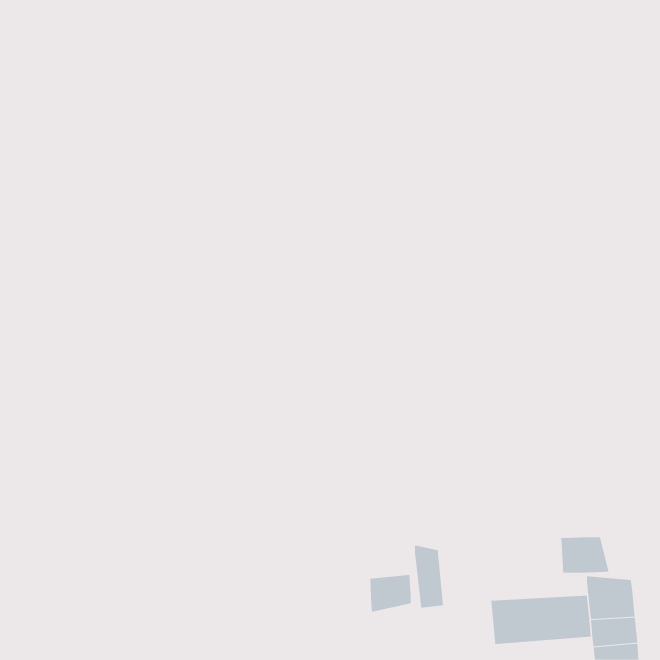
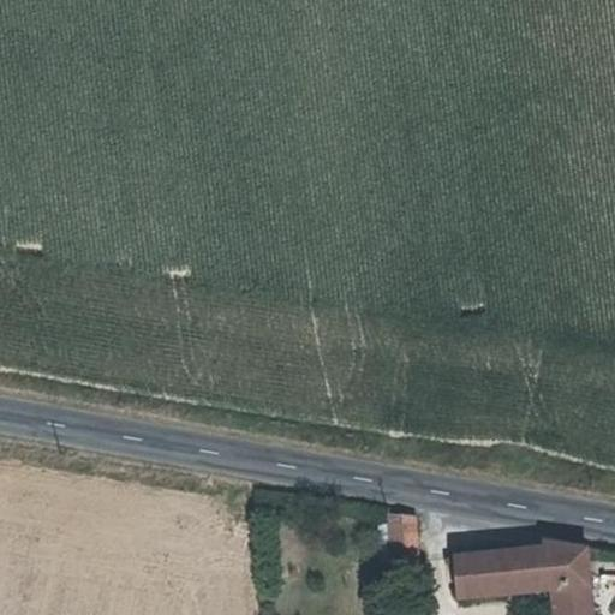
building: [561,537,609,574] -> none
building: [370,574,411,612] -> none

